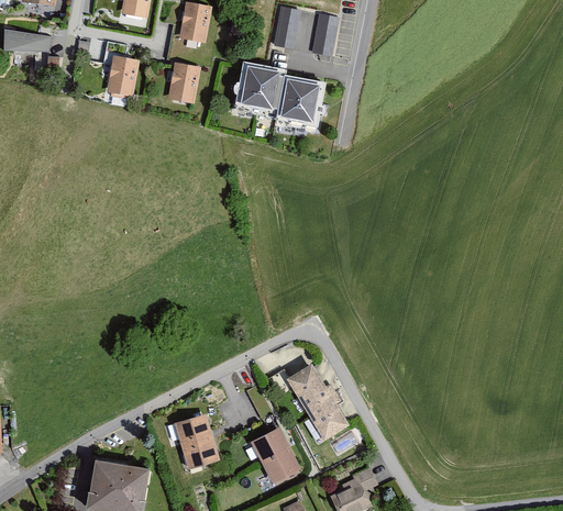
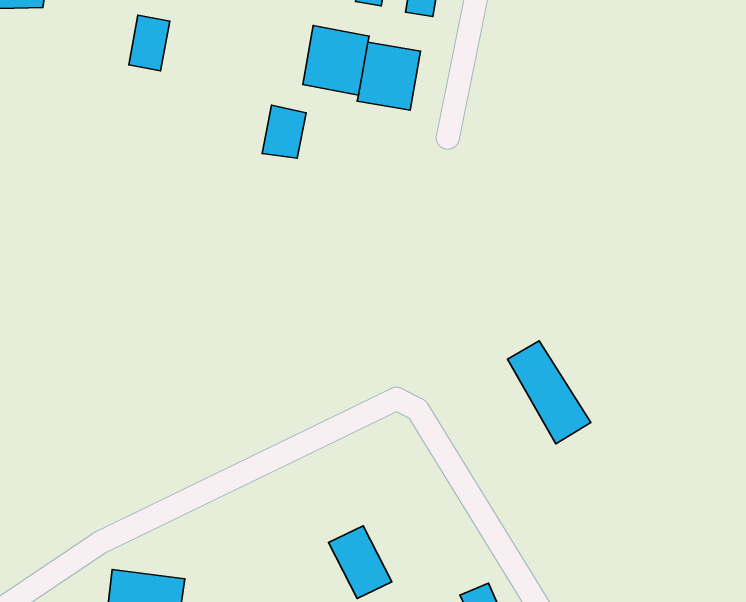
building: [169,64,201,102] -> [262,105,306,158]
building: [290,365,351,440] -> [508,341,591,444]
building: [176,416,217,466] -> none

